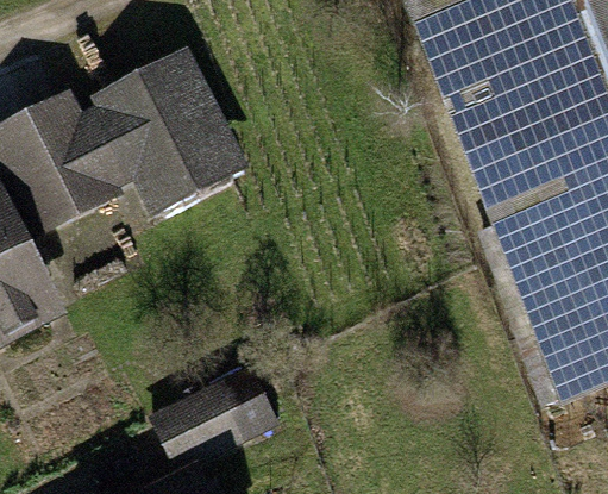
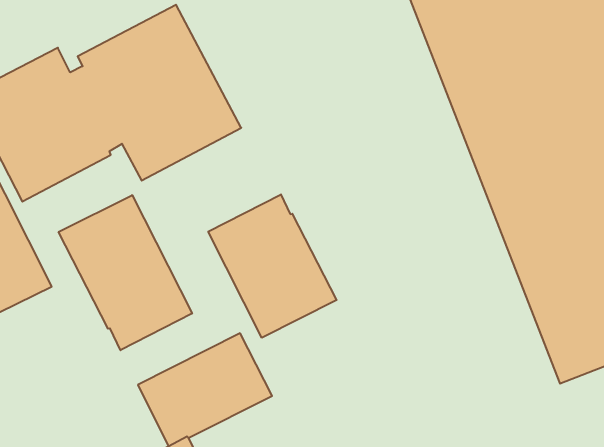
building: none -> [208,194,337,338]
building: none -> [59,195,192,350]

